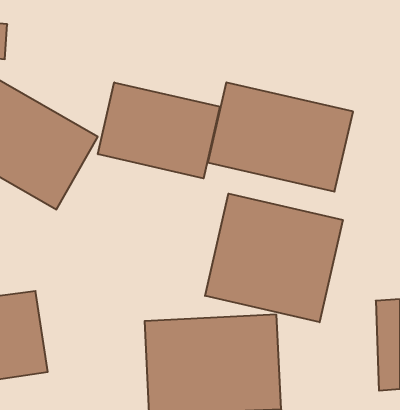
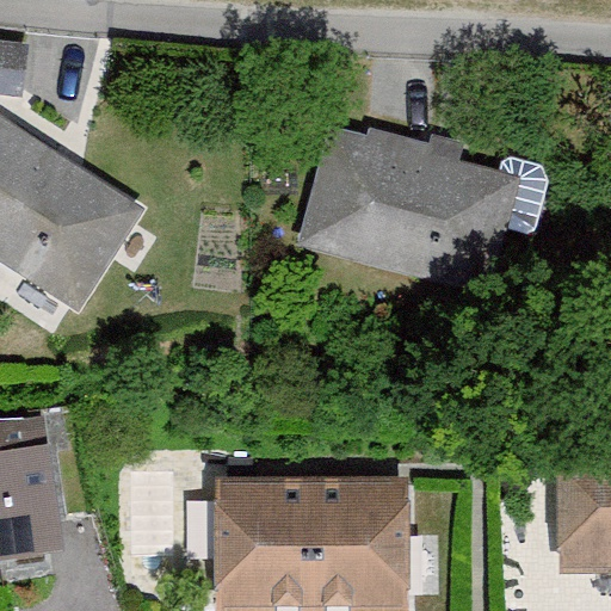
building: [98,82,220,178] -> none
building: [205,194,343,322] -> none

